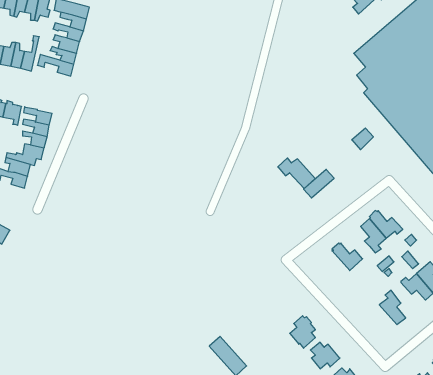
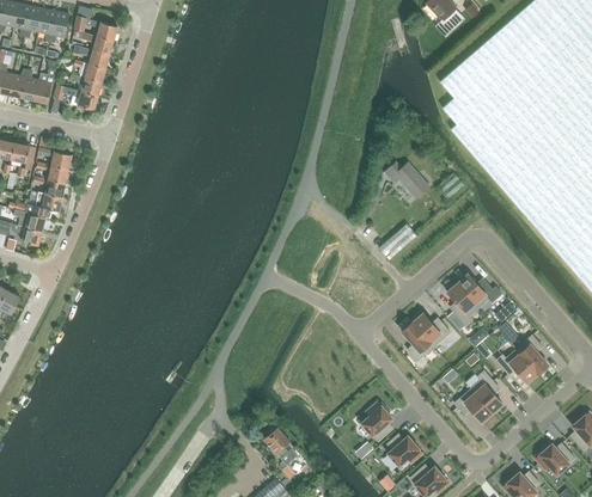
building: [278,158,315,188] -> [384,161,429,198]
building: none -> [402,323,434,361]
building: none -> [454,388,492,422]

